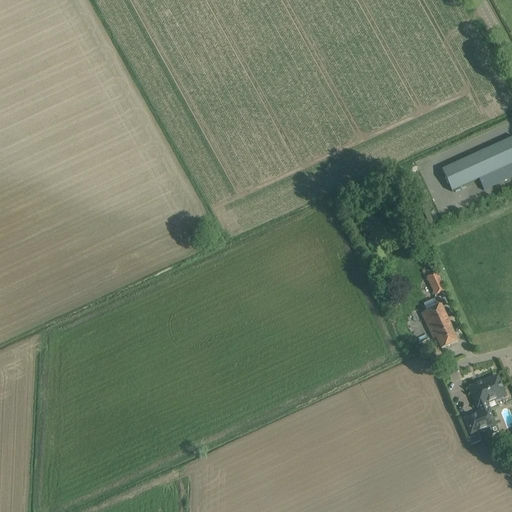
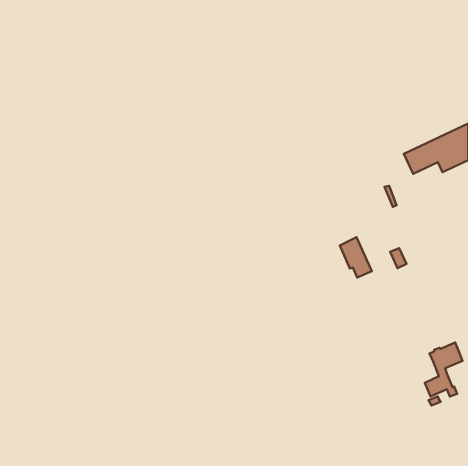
building: [422,303,457,347] -> [340,237,372,278]

